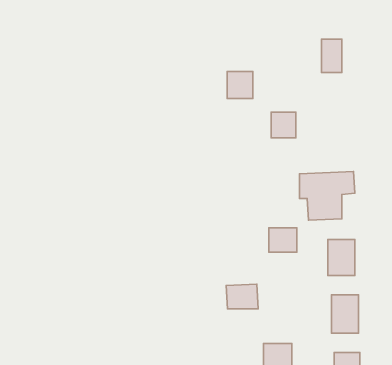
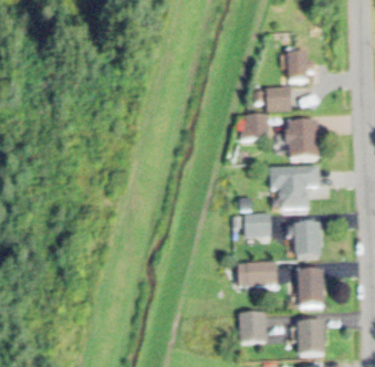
building: [227,72,253,99] -> [267,87,289,111]
building: none -> [289,122,316,158]
building: [226,284,258,309] -> [247,262,274,283]

